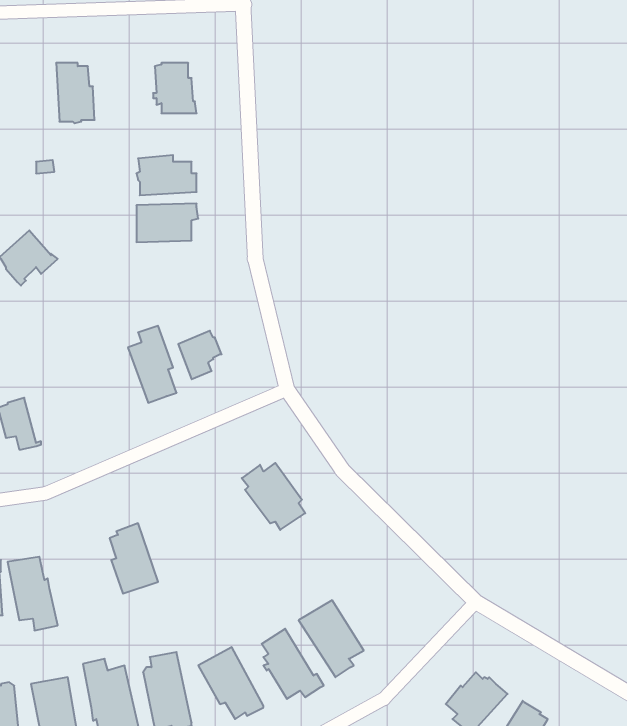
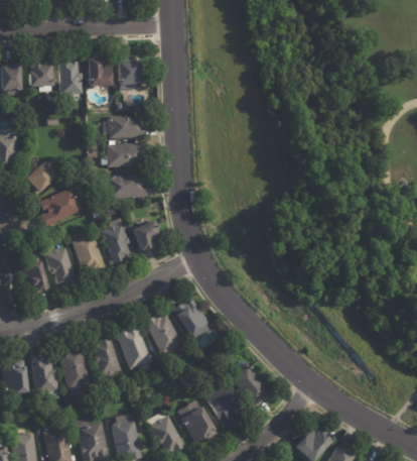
building: none -> [86,57,110,86]
building: none -> [29,61,51,85]
building: none -> [103,172,147,198]
building: none -> [37,187,81,226]
building: none -> [71,233,104,272]
building: none -> [44,247,76,283]
building: none -> [143,314,182,355]
building: none -> [116,327,150,370]
building: none -> [58,347,91,389]
building: none -> [230,363,271,406]

